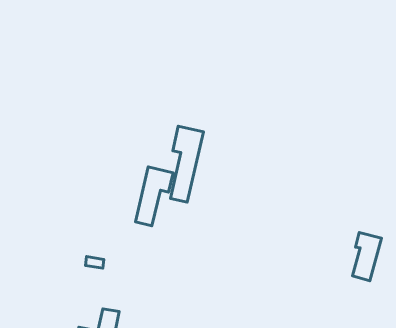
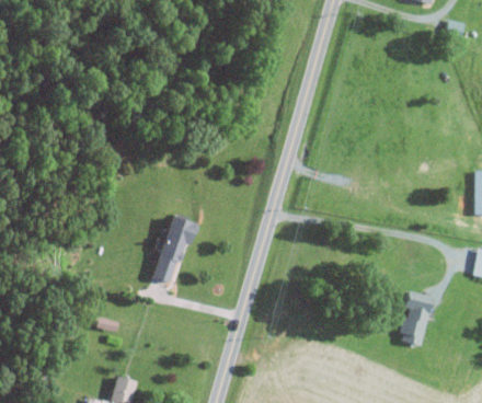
building: [171,126,204,202] -> none

